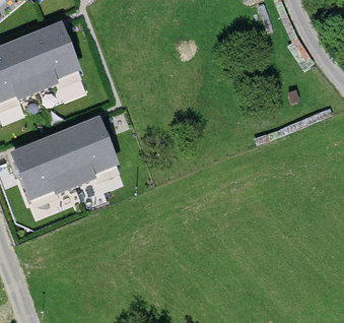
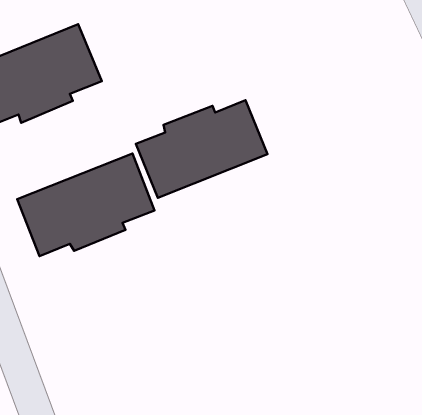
building: none -> [136,100,268,198]

